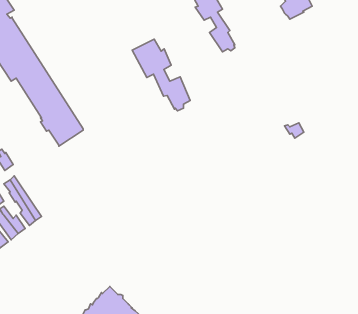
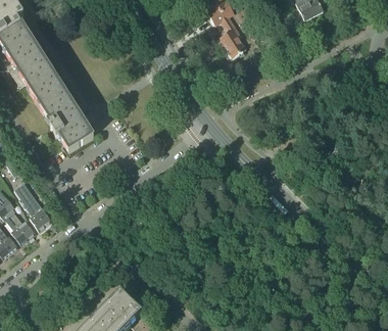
building: [132,39,190,111] -> none

